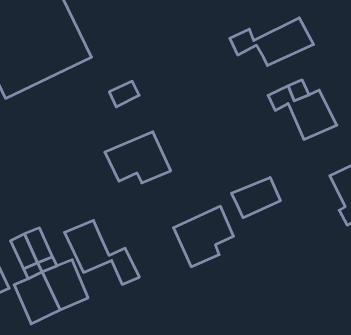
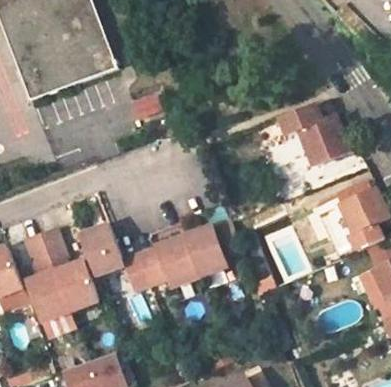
building: [230,18,314,66] -> none
building: [105,132,171,183] -> [138,240,201,289]
building: [232,177,280,218] -> none

